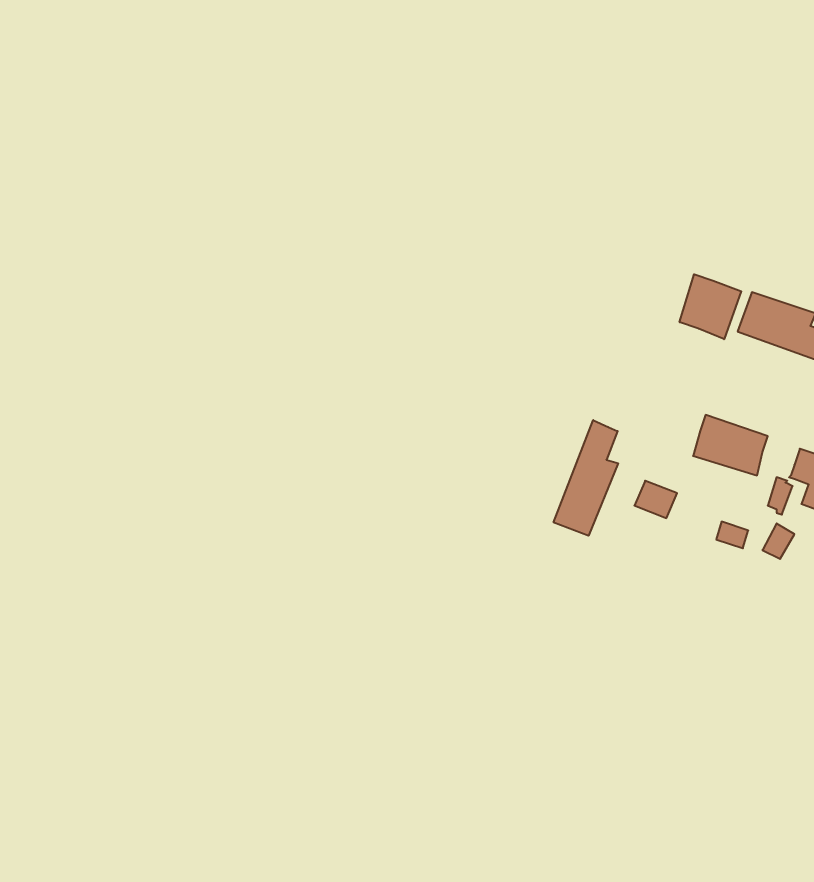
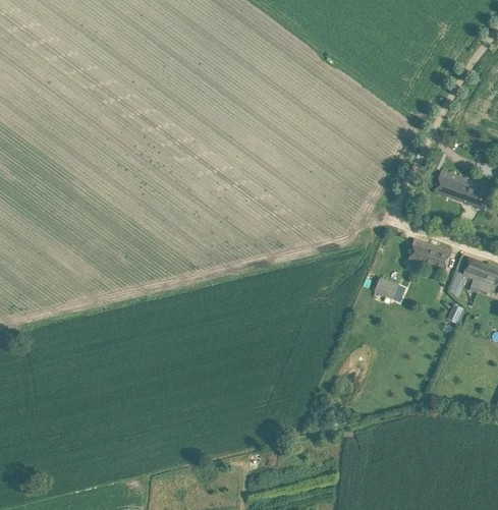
building: [680,274,741,339] -> none
building: [554,420,618,536] -> none

